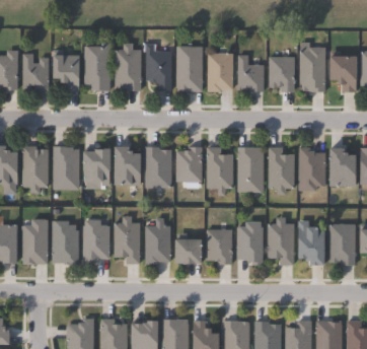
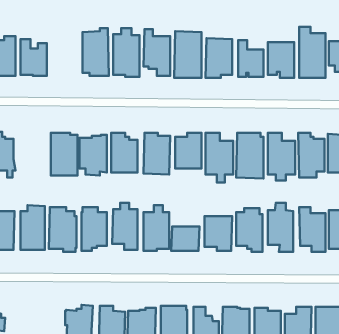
building: [51,49,79,89] -> none
building: [22,145,50,192] -> none

